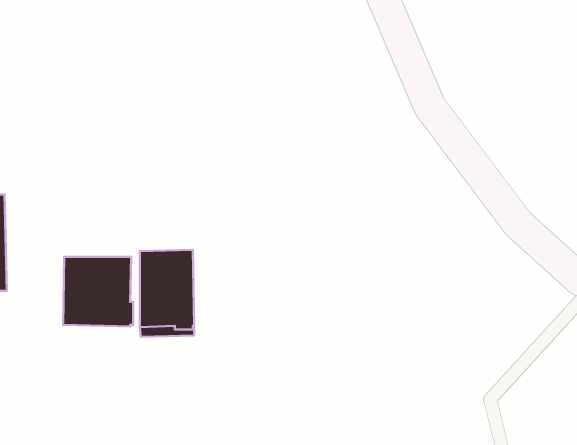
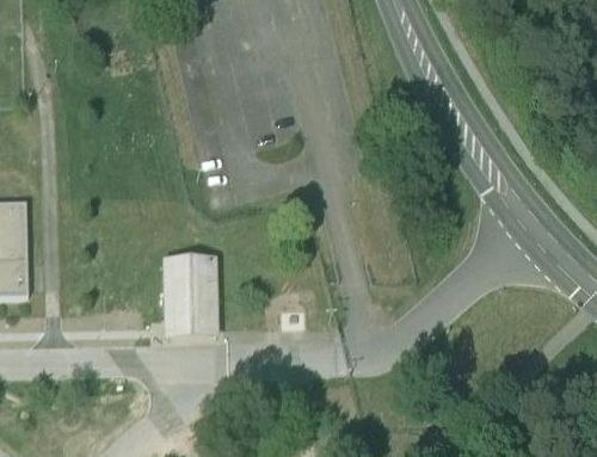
building: [63,257,133,327] -> none

